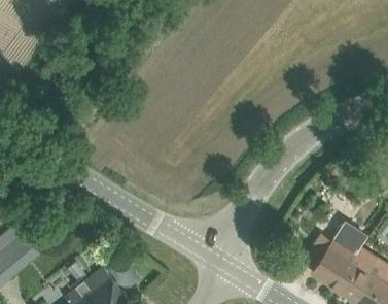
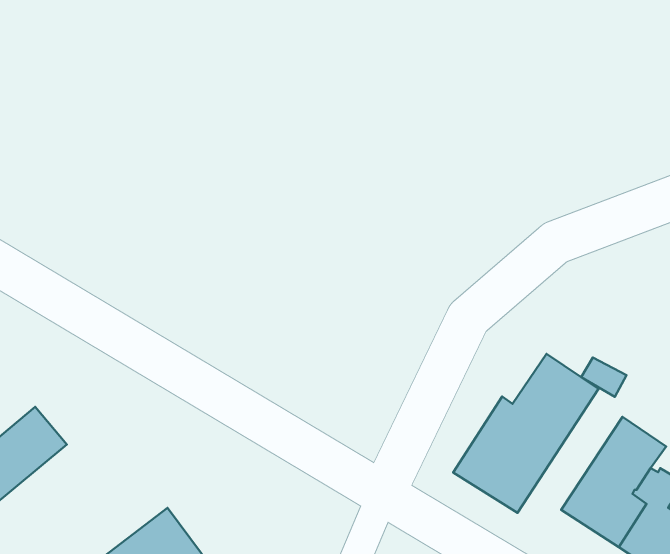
building: none -> [453,354,599,513]

